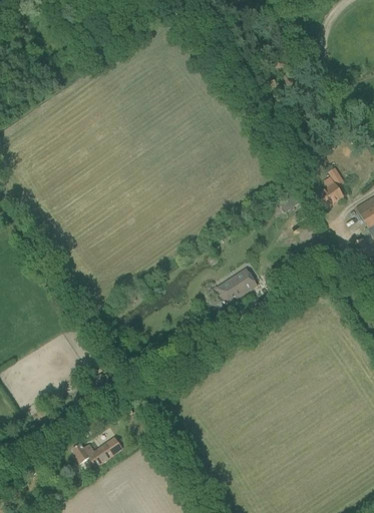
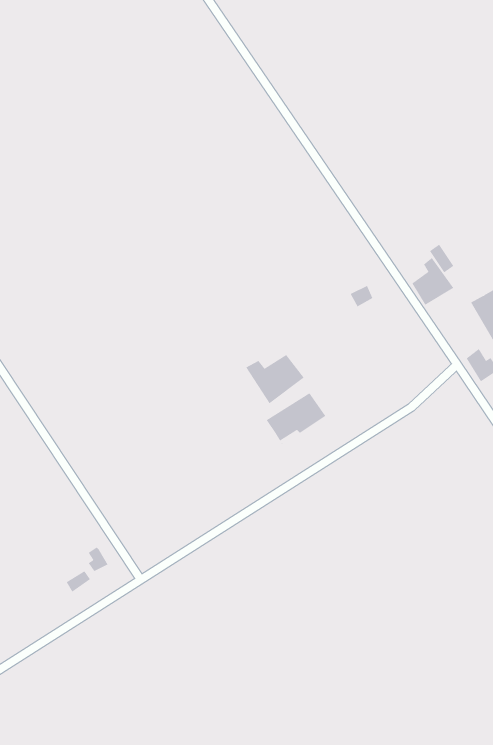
building: none -> [245,354,305,404]
building: [72,437,122,465] -> none

